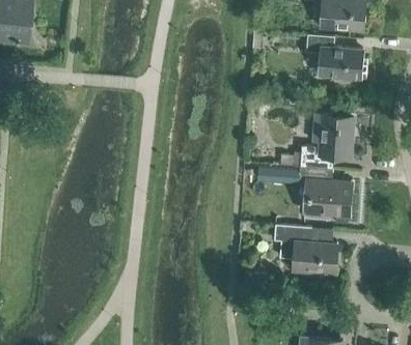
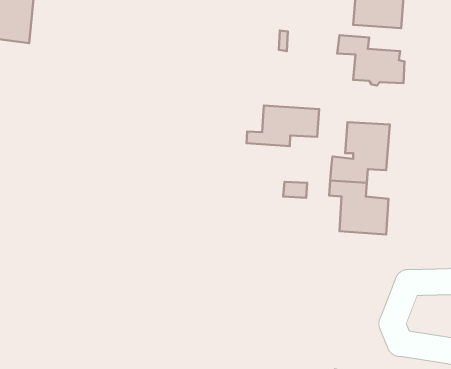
building: none -> [247,106,319,146]
building: [274,225,337,274] -> none

